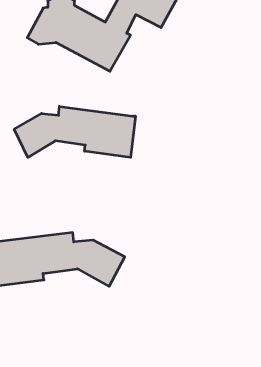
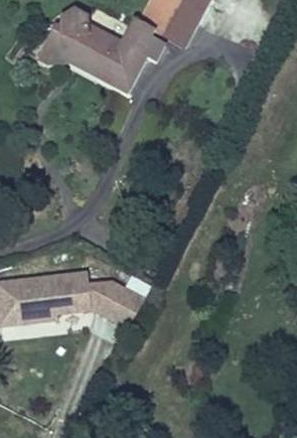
building: [14,106,135,157] -> none

